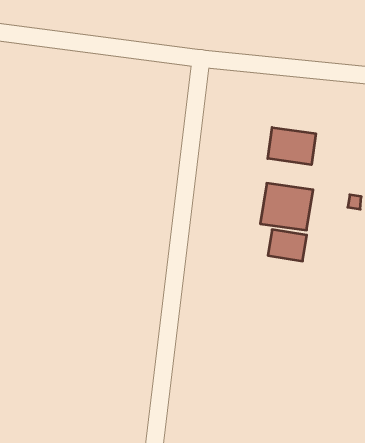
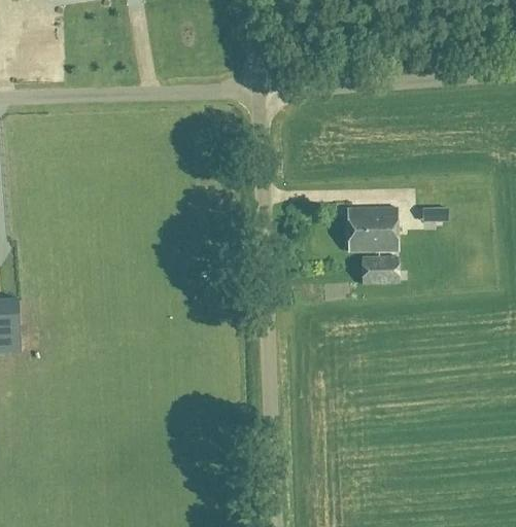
building: [268,127,316,165] -> none

